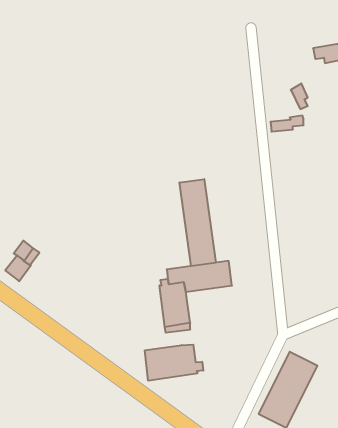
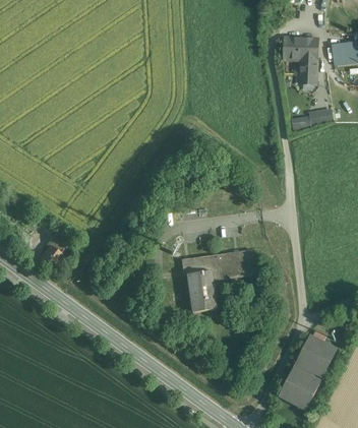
building: none -> [284,37,317,81]
building: [180,179,216,266] -> none
building: [145,345,203,381] -> none

